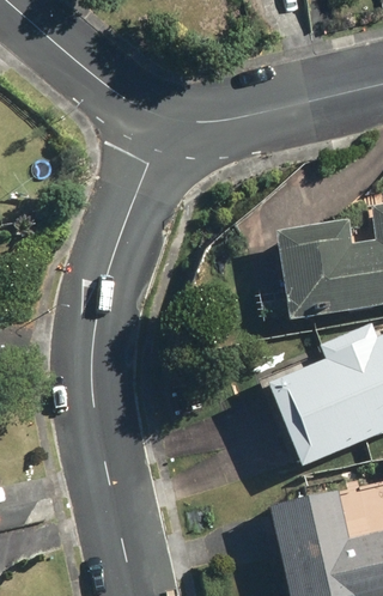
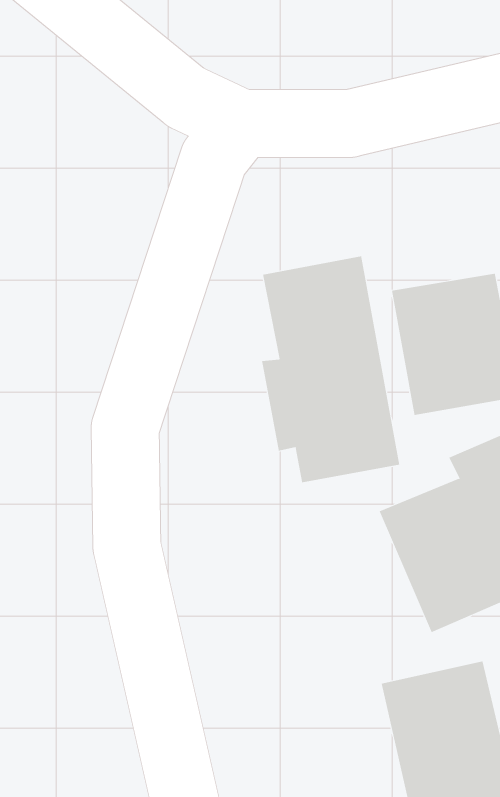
building: none -> [261,255,400,483]

